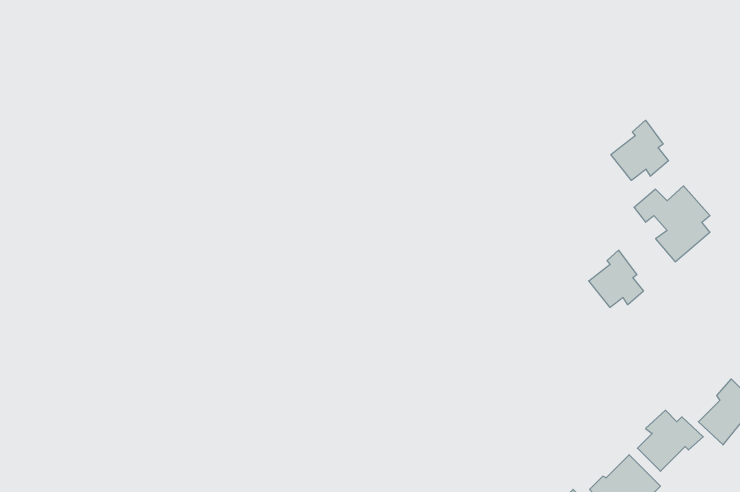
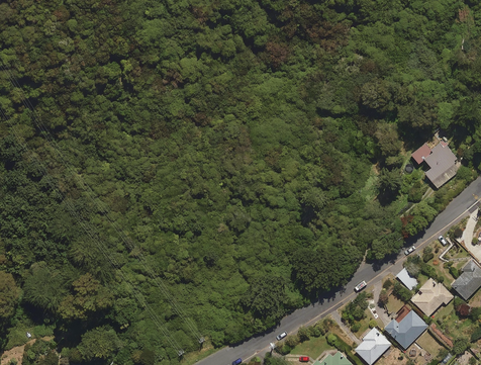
building: [611,120,668,180] -> none
building: [589,250,643,307] -> none

